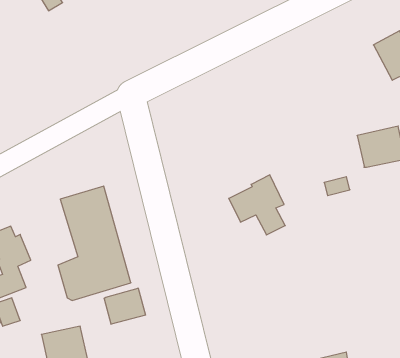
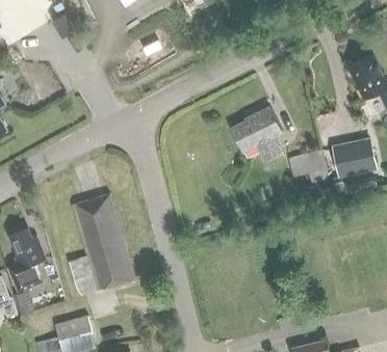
building: none -> [287,151,329,184]
building: [229,175,285,235] -> [231,109,281,162]
building: [104,288,146,324] -> none

